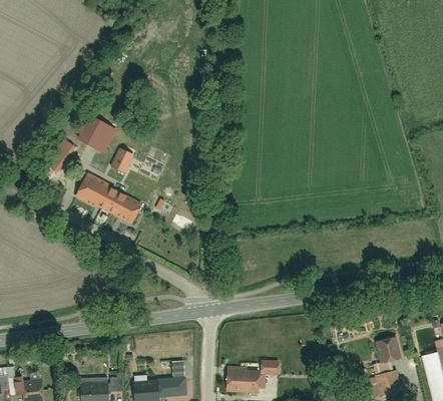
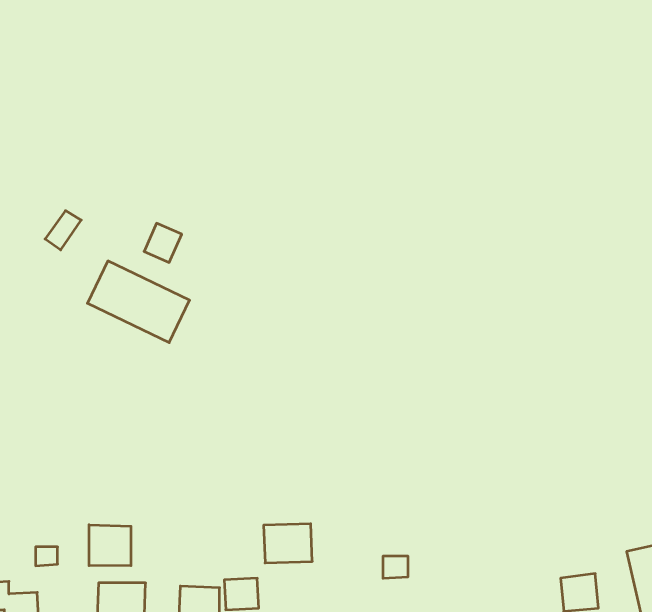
building: [77,115,116,154] -> none
building: [376,337,399,365] -> none
building: none -> [89,525,131,566]
building: [229,367,260,392] -> [264,524,312,563]

